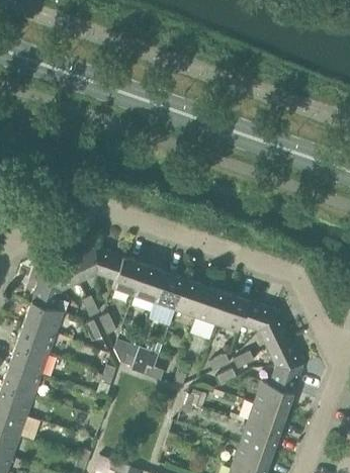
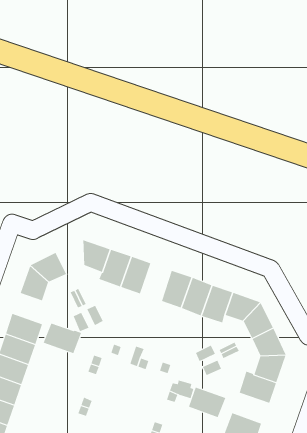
building: [68,248,96,283] -> none
building: [149,272,185,326] -> none
building: [23,302,63,334] -> [43,323,82,354]
building: [247,403,285,435] -> [188,387,226,418]

